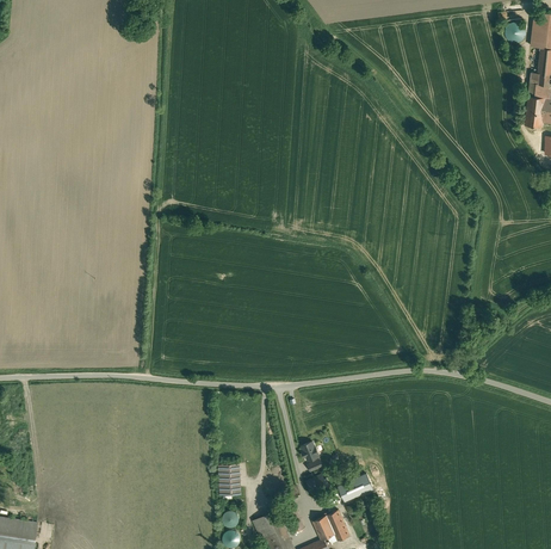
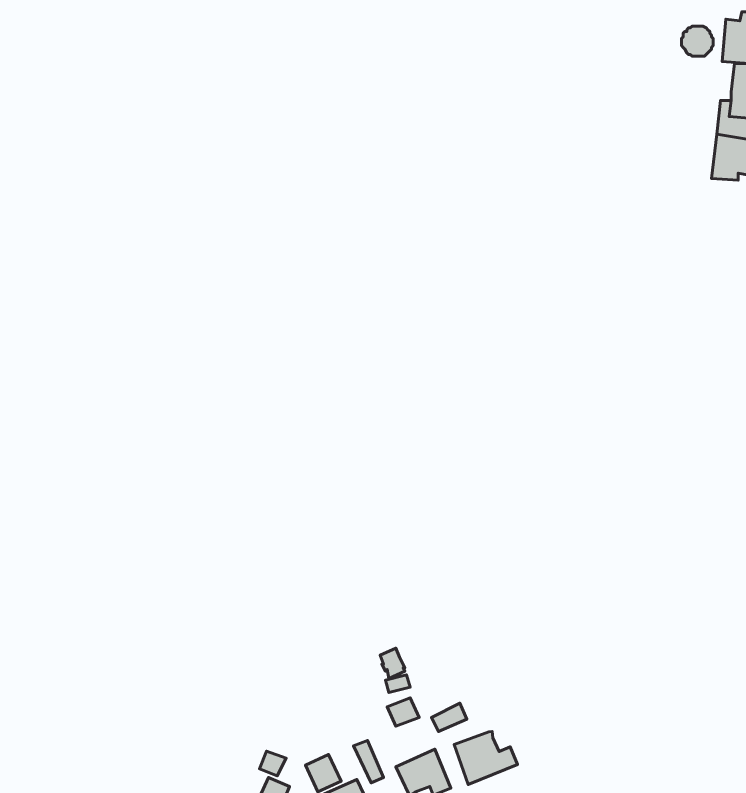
building: [217,463,241,495] -> none
building: none -> [454,732,518,785]

